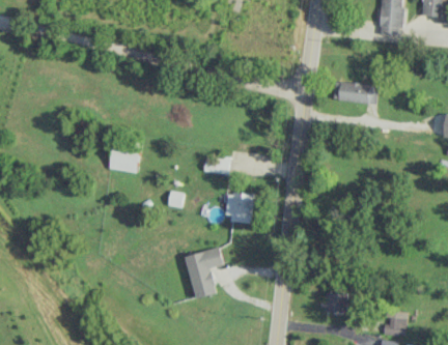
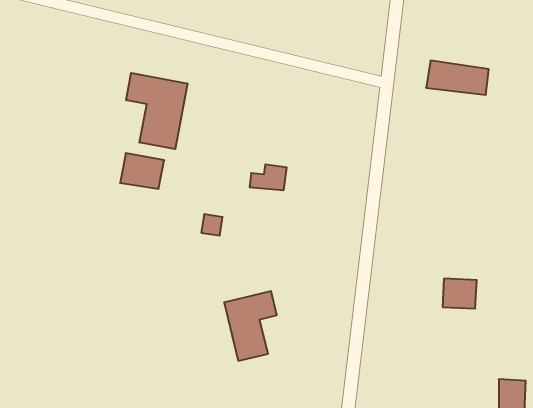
building: none -> [126,73,188,149]
building: [226,193,255,224] -> none
building: [324,292,348,314] -> [443,279,477,308]

